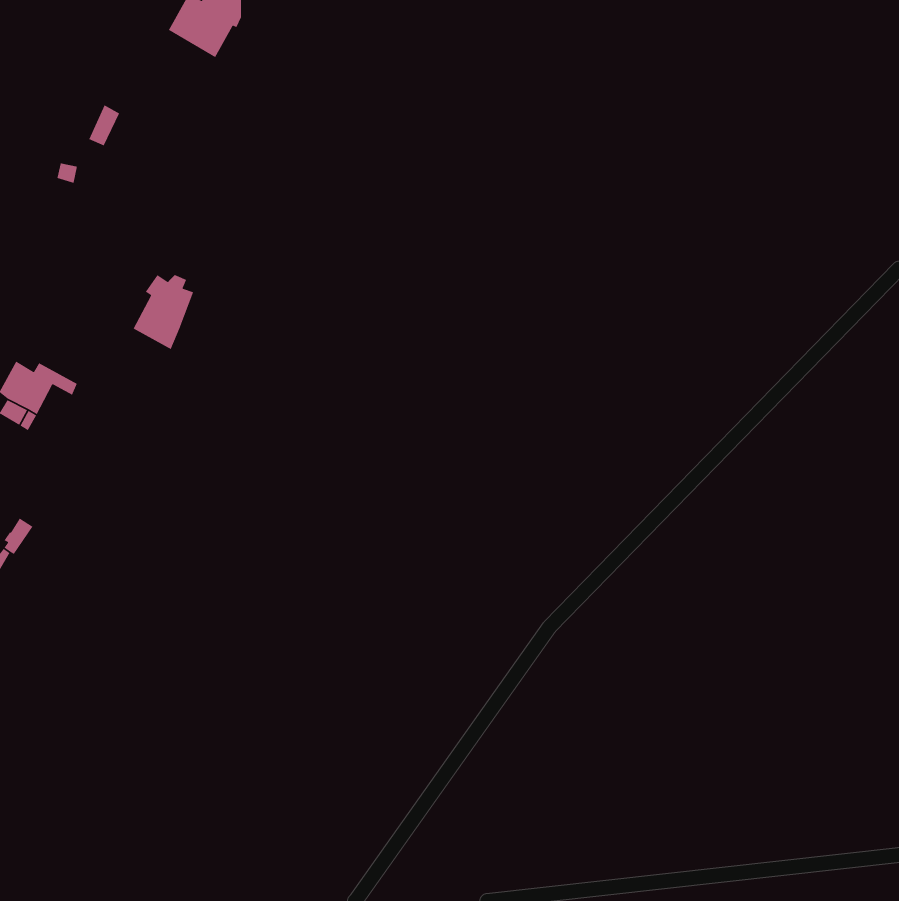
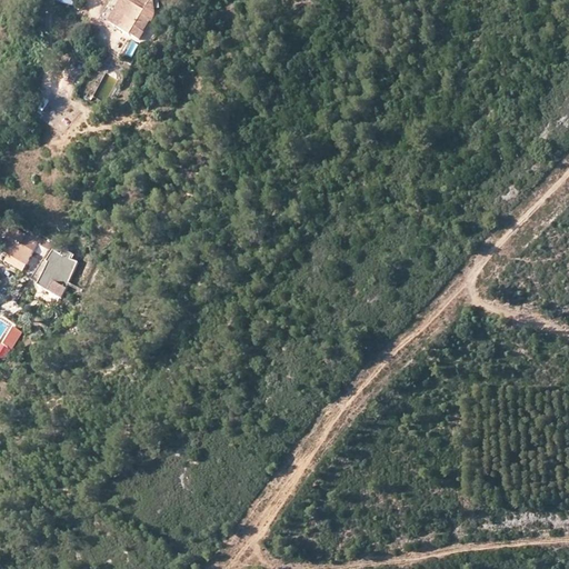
building: [132,274,194,350] -> [37,250,76,298]

